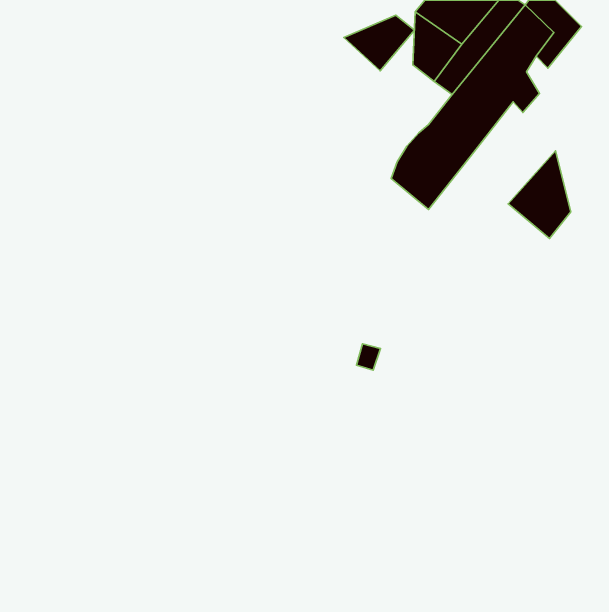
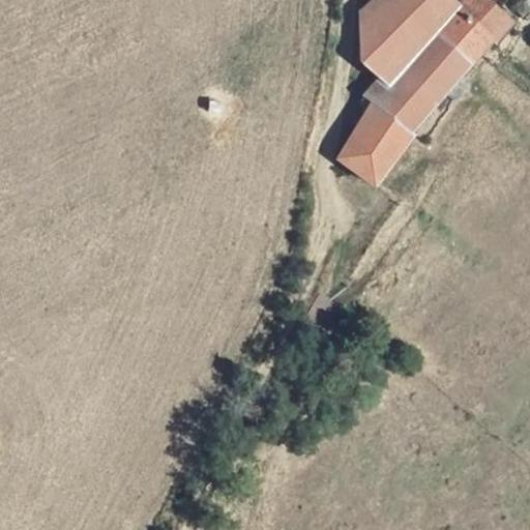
building: [344,15,414,71] -> none
building: [508,151,571,238] -> none

